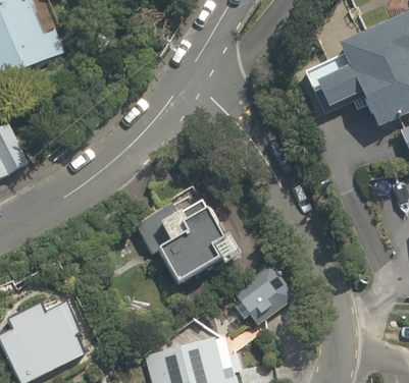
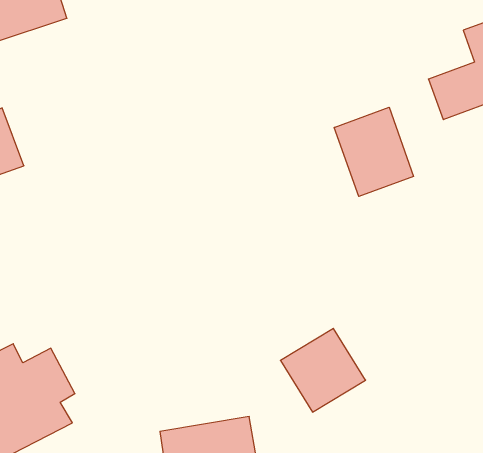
building: none -> [334,107,414,196]
building: [132,189,229,288] -> none

